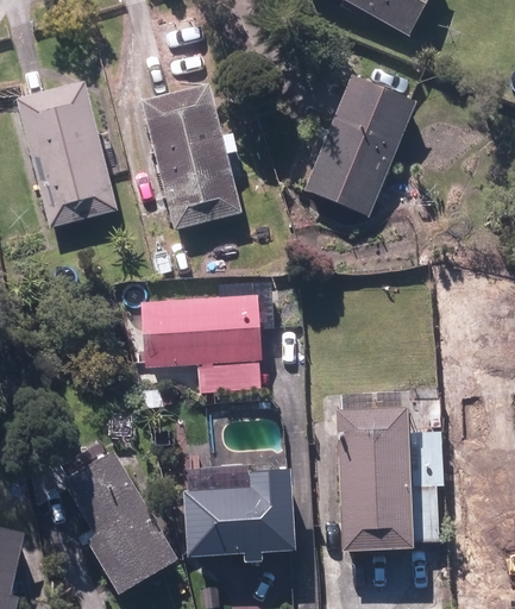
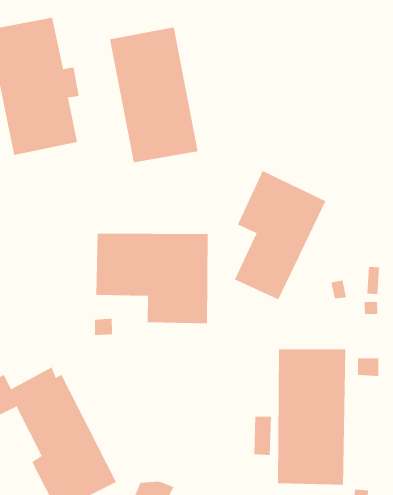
building: [304,76,415,215] -> none
building: none -> [234,170,326,300]
building: [183,464,294,560] -> none

